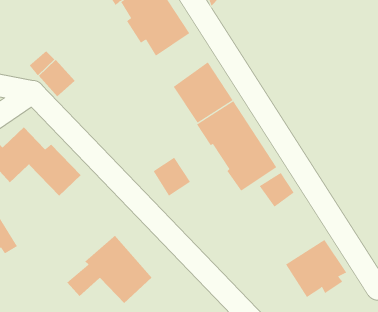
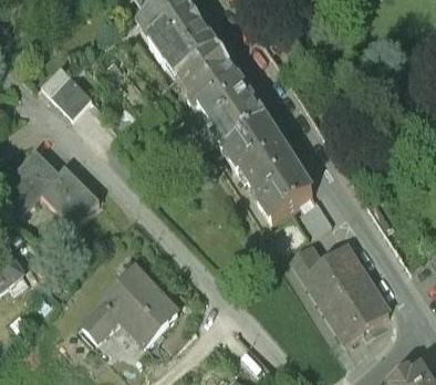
building: none -> [180,50,238,111]
building: [153,157,191,196] -> none
building: none -> [293,247,365,302]

